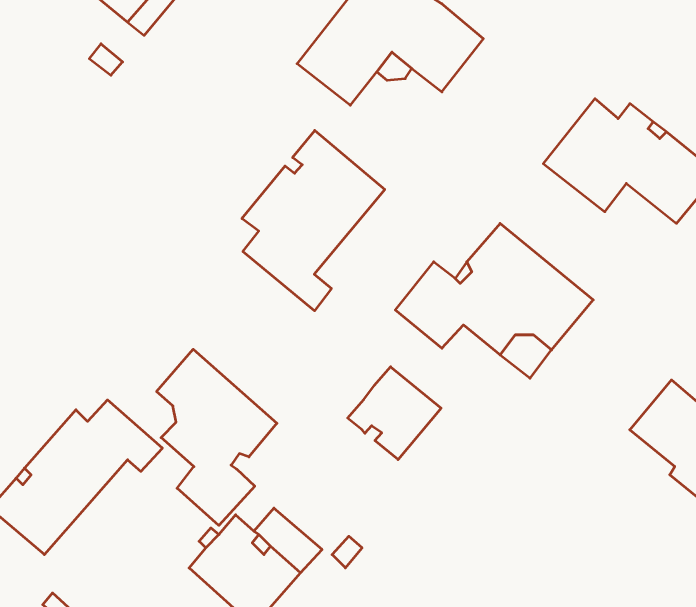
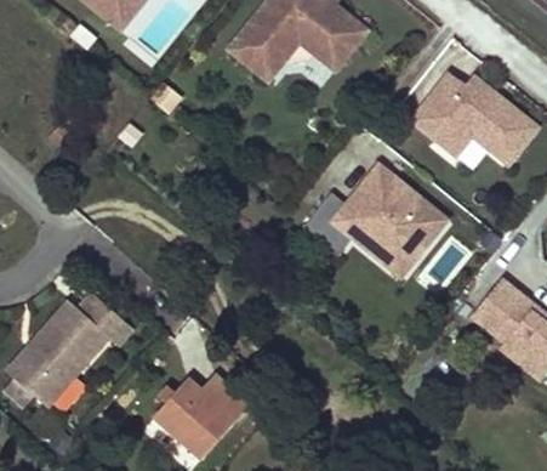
building: [242,130,385,311] -> none
building: [157,349,277,525] -> none
building: [348,367,441,460] -> none

